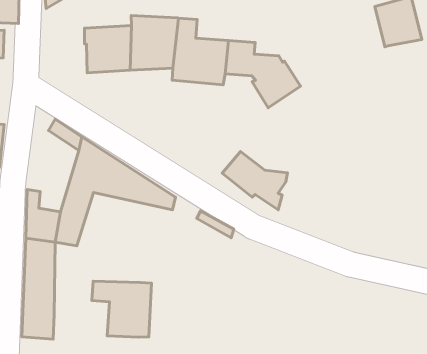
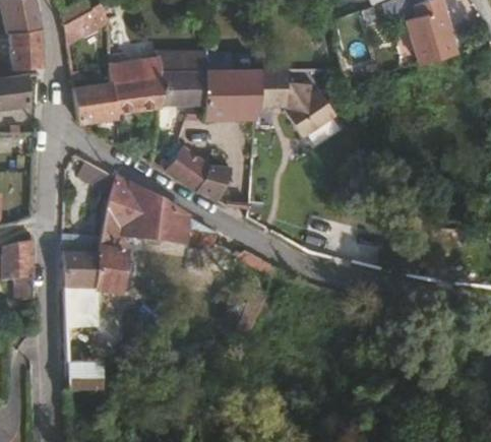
building: none -> [73,83,116,123]
building: [222,152,288,210] -> [165,146,232,203]
building: [92,281,152,337] -> none

